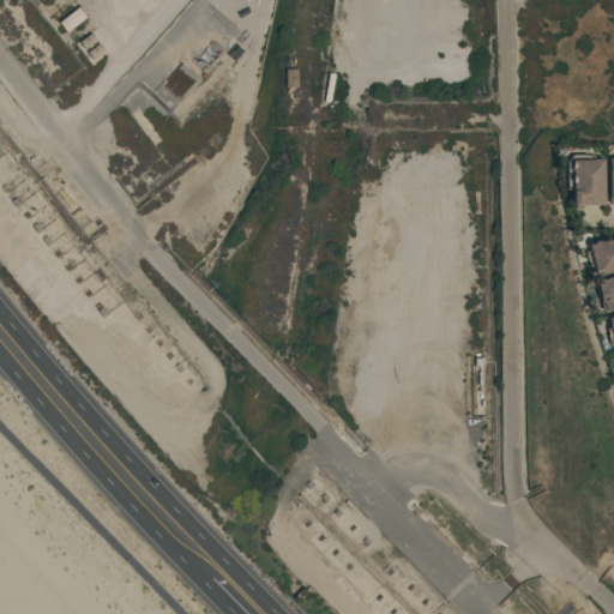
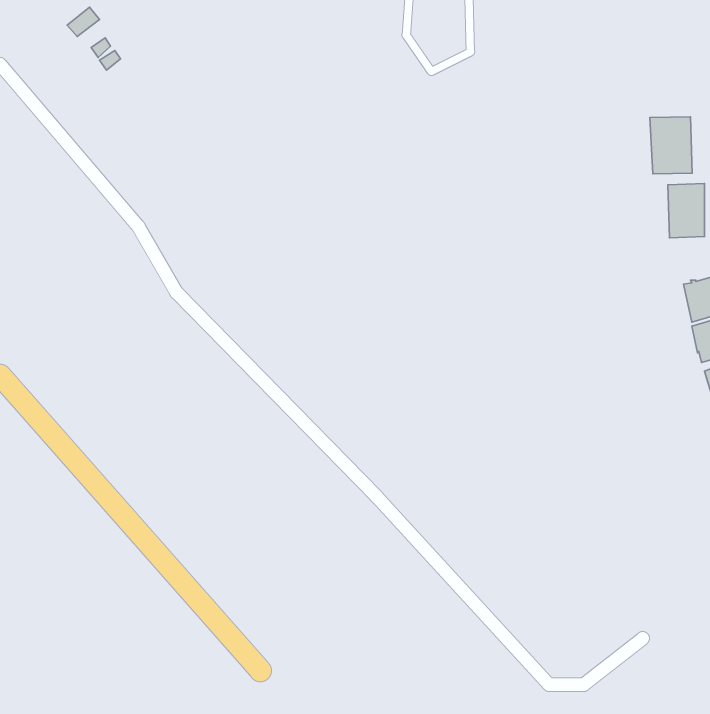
building: none -> [650,117,692,174]

